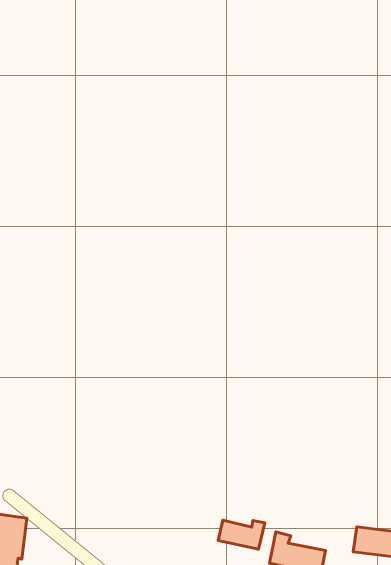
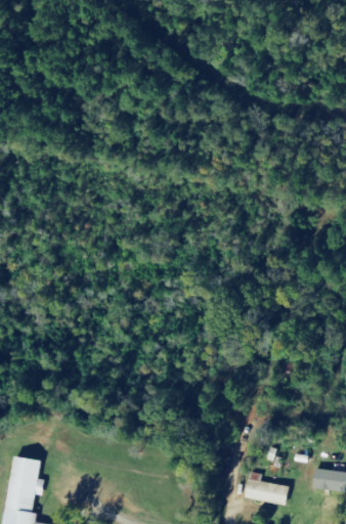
building: [218,520,265,549] -> none

